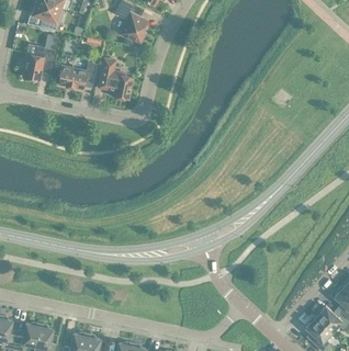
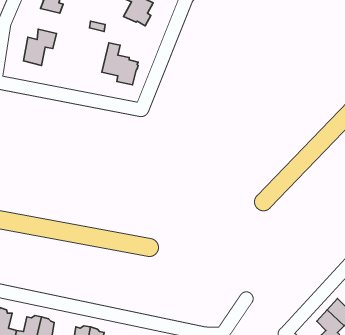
building: [58,63,97,88] -> none

